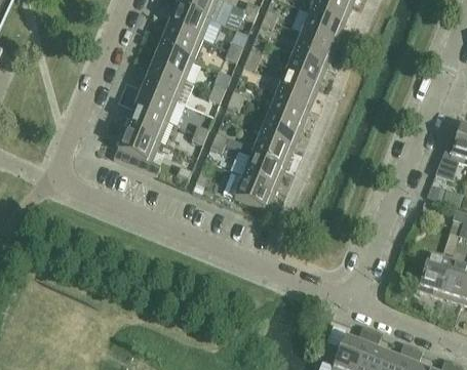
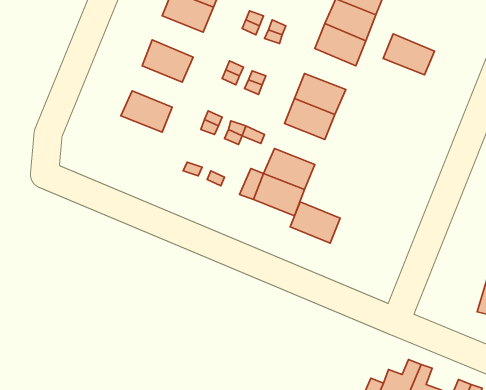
building: [151,45,193,79] -> none
building: [276,72,318,106] -> [383,34,434,75]
building: [134,86,176,120] -> none
building: [114,127,161,173] -> none
building: [251,133,293,167] -> [290,202,340,243]

